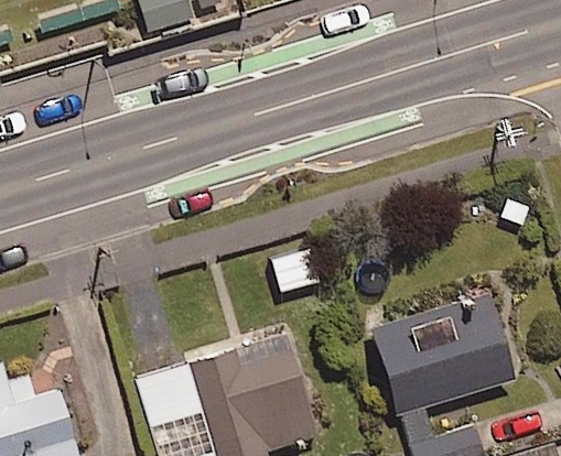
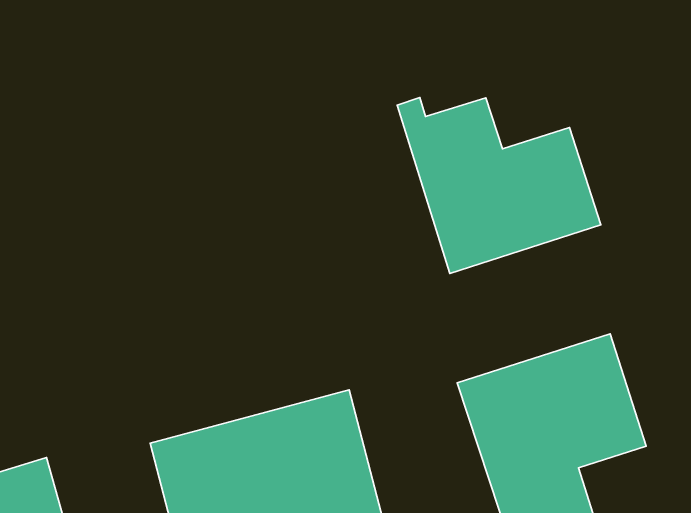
building: none -> [397,98,601,273]

